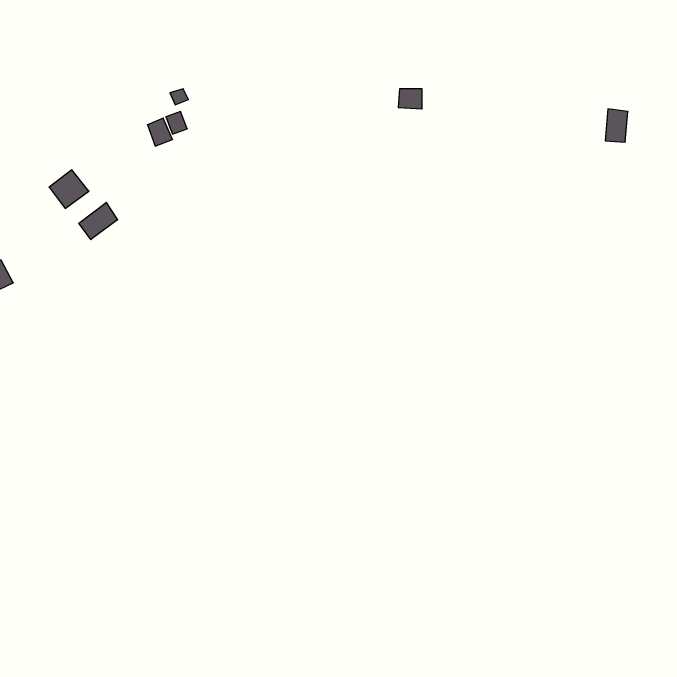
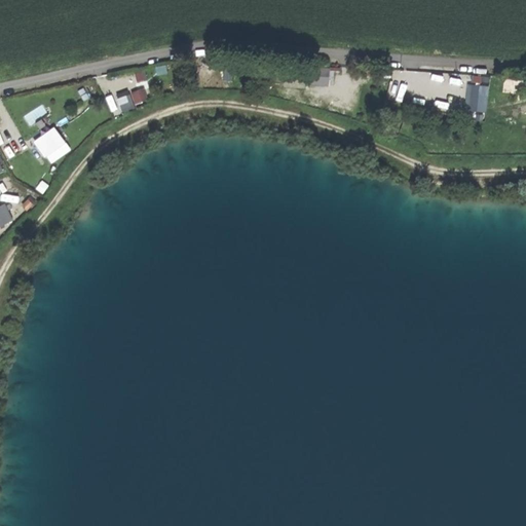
building: [79,202,118,240] -> none

